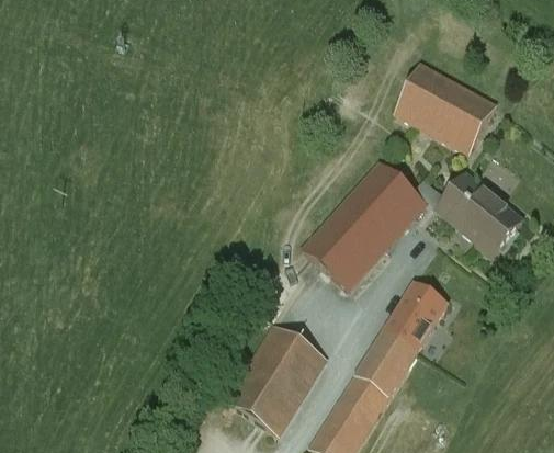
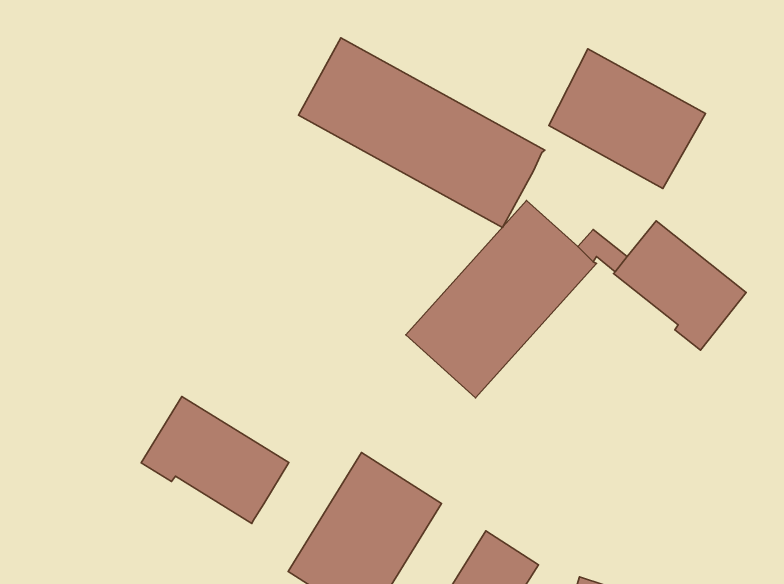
building: none -> [299,38,545,227]
building: [354,281,448,396] -> none
building: none -> [141,397,289,523]

